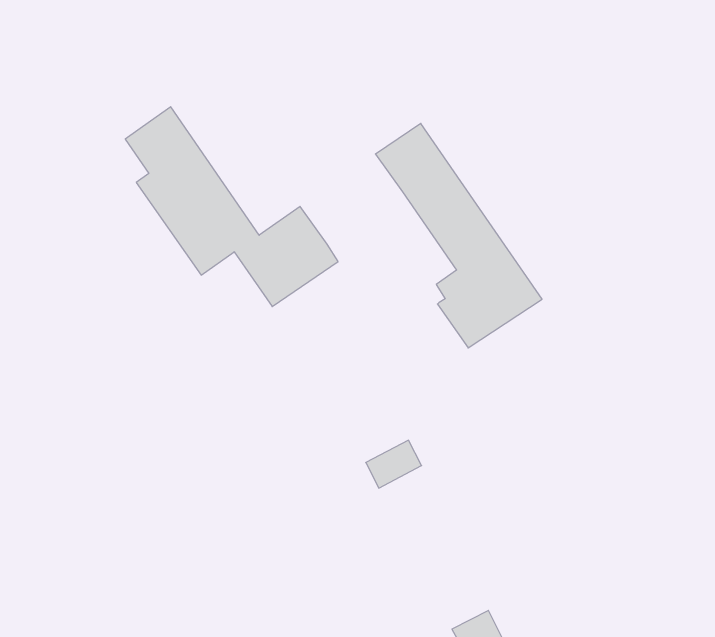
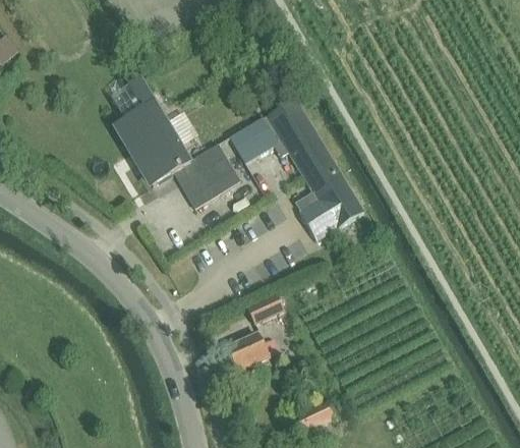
building: none -> [230,115,281,162]
building: none -> [226,332,279,373]

